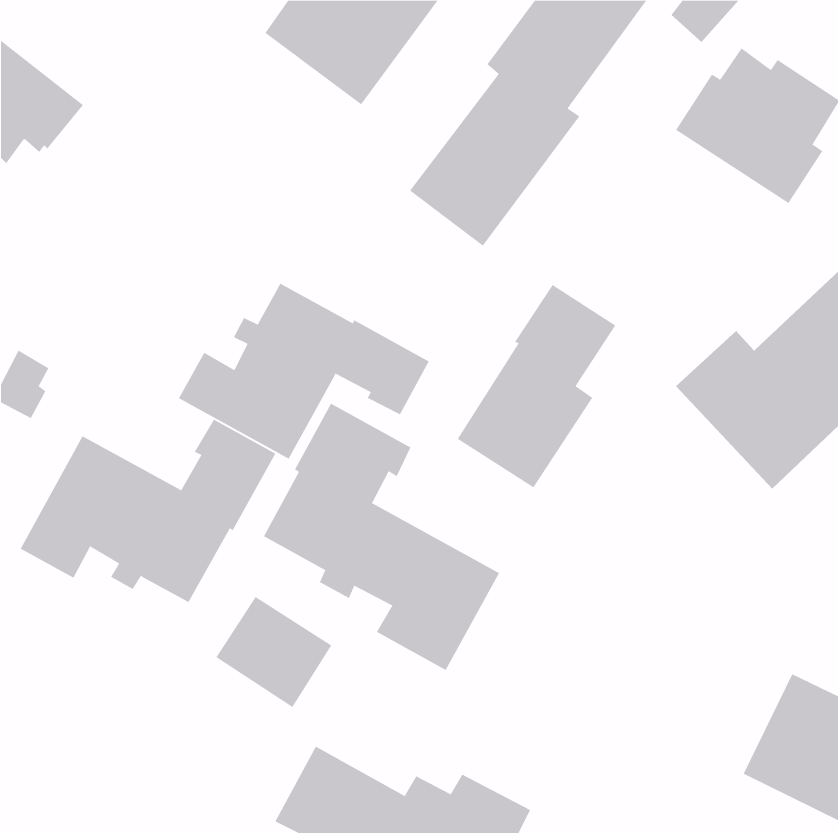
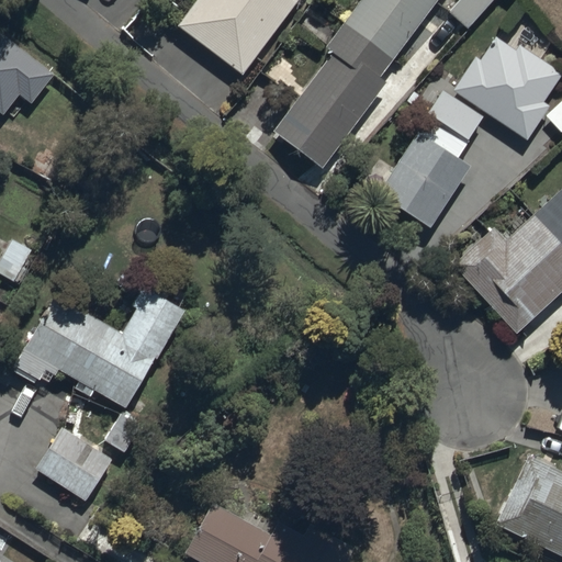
building: [178,283,430,459] -> none
building: [457,284,616,488] -> [379,89,485,225]
building: [263,403,500,671] -> none
building: [216,596,332,708] -> [35,427,113,502]

